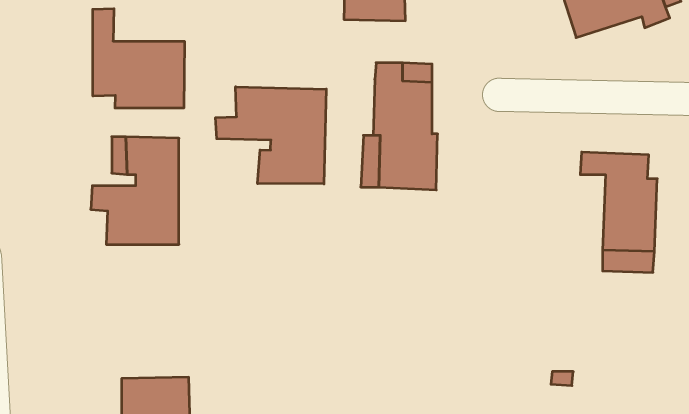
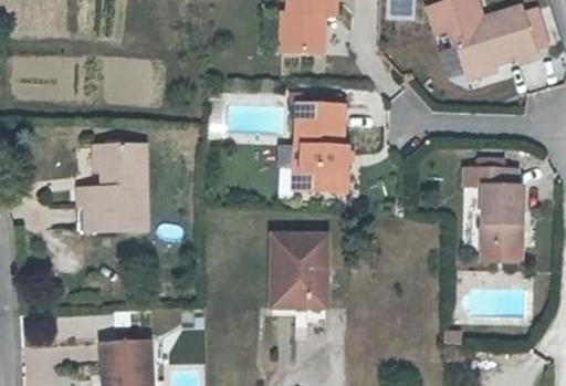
building: [93,9,184,108] -> none
building: [216,87,326,184] -> none
building: none -> [275,236,327,309]

